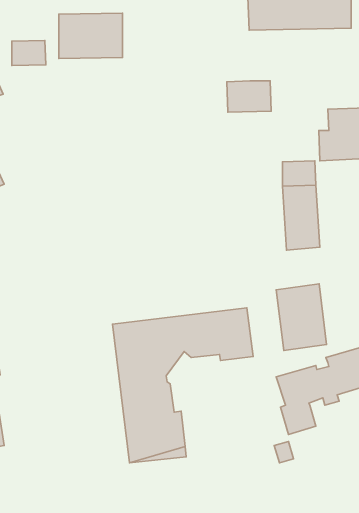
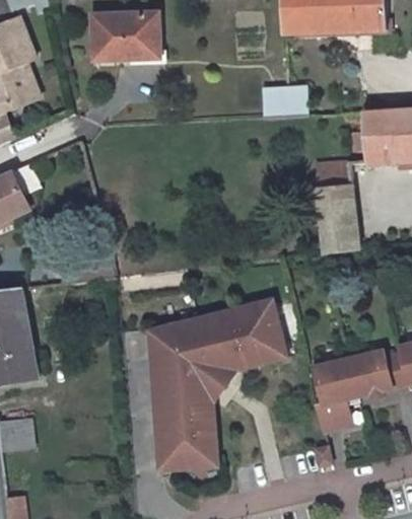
building: [12,41,46,65] -> none
building: [276,284,327,350] -> none
building: none -> [201,354,256,415]

